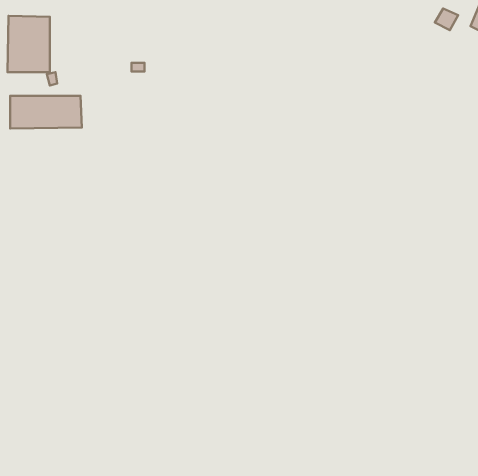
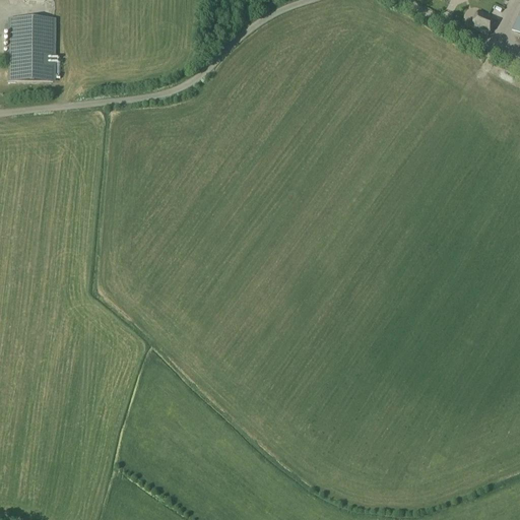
building: [10,96,82,128] -> none

